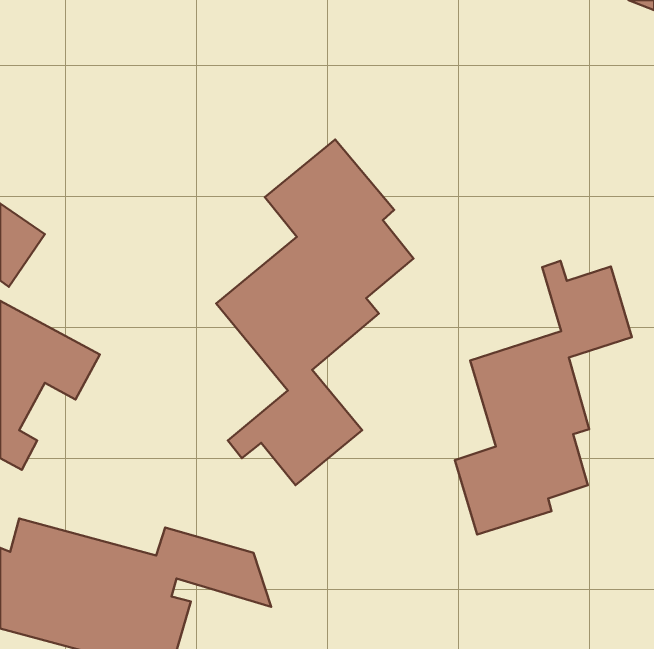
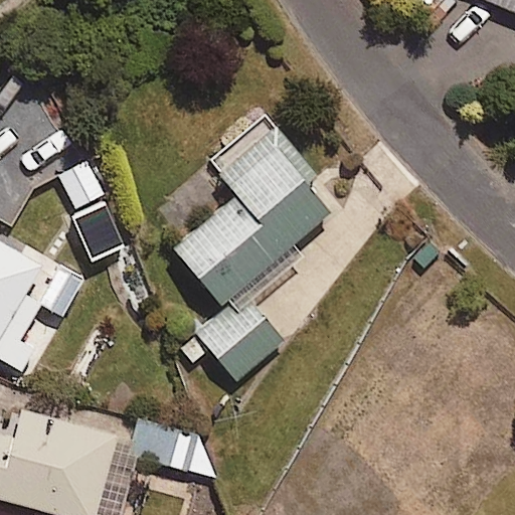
building: [455,261,632,534] -> none

